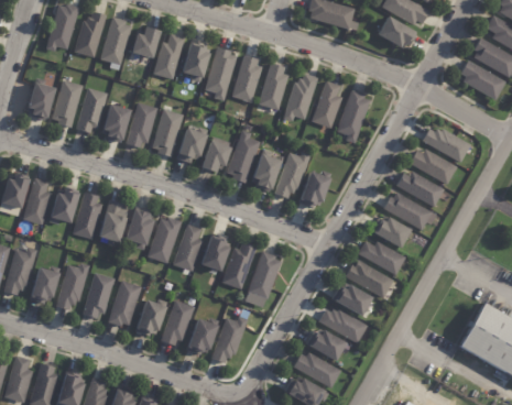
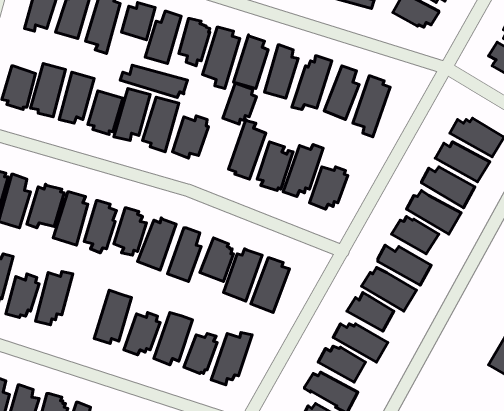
building: none -> [120,65,187,97]
building: [201,135,231,172] -> [223,83,256,124]
building: [83,272,115,318] -> none

